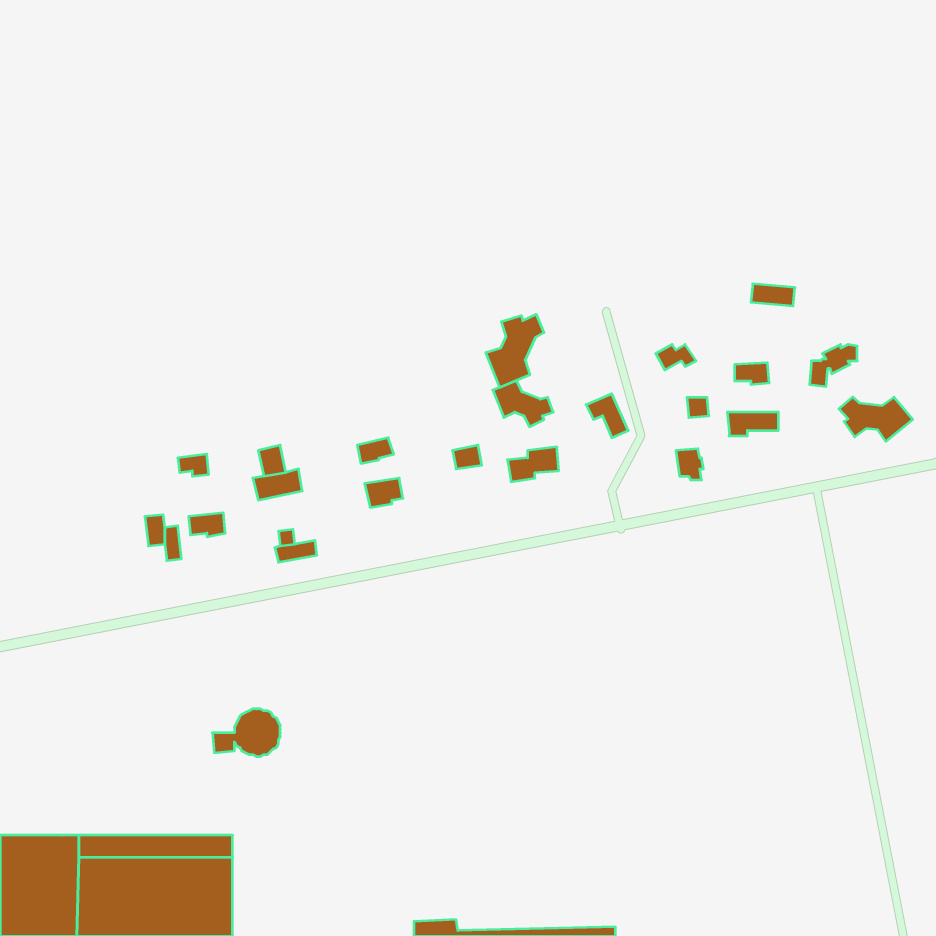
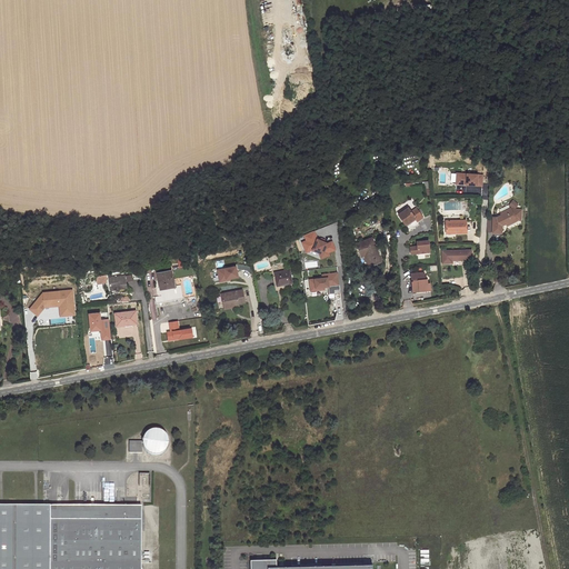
building: [486,314,544,387] -> none
building: [839,397,913,441] -> none
building: none -> [31,290,74,316]

